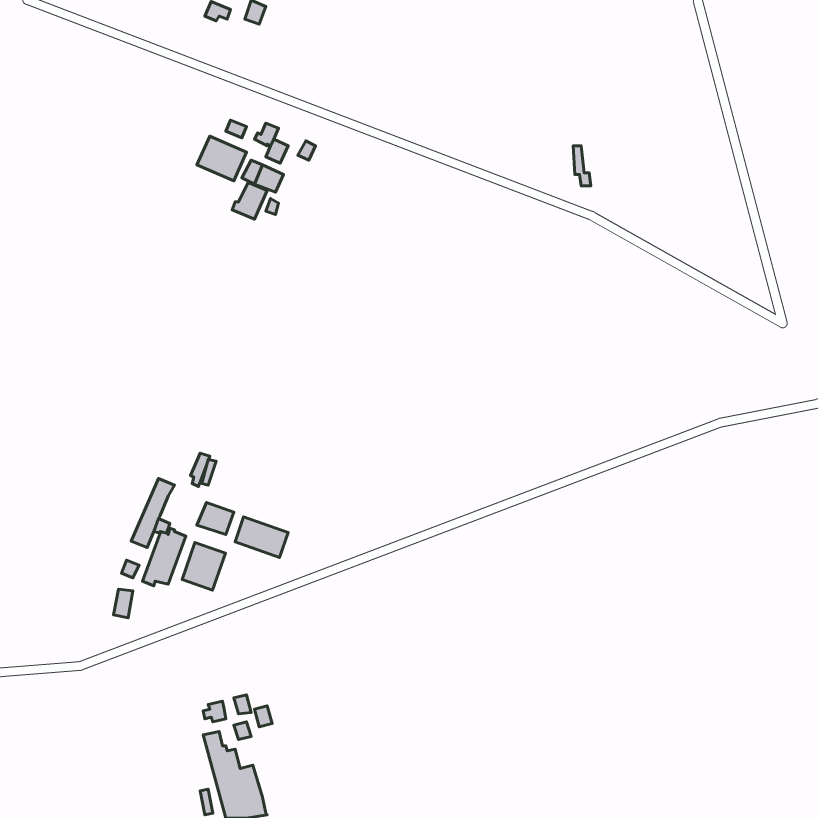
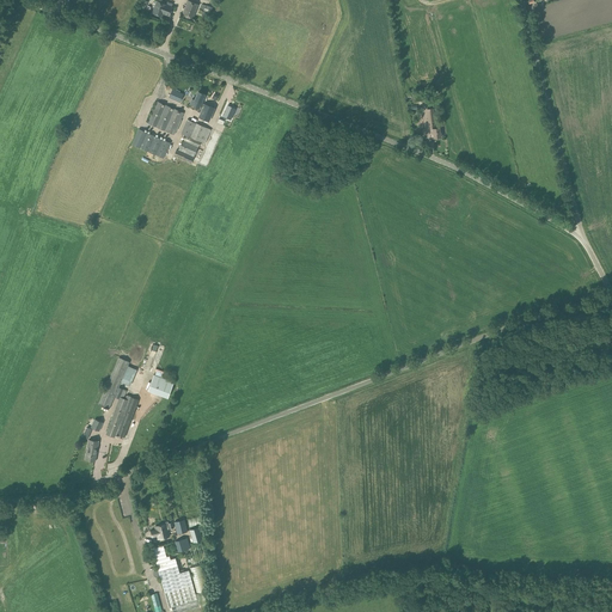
building: none -> [131,128,171,159]
building: [235,517,288,557] -> none
building: [182,542,225,590] -> none

